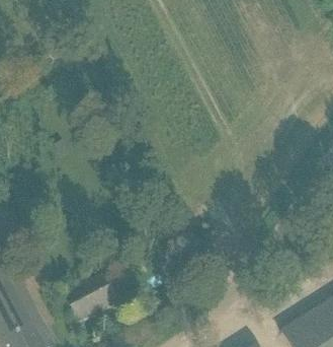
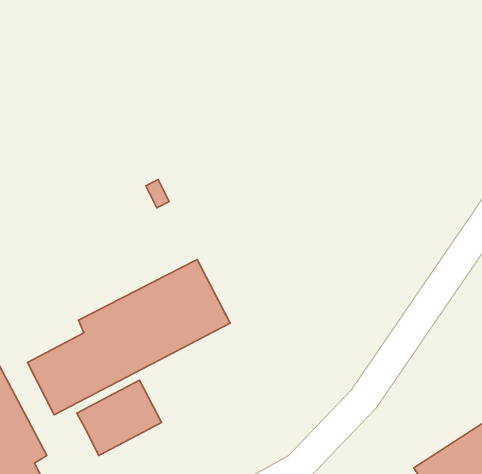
building: none -> [27,260,230,415]

